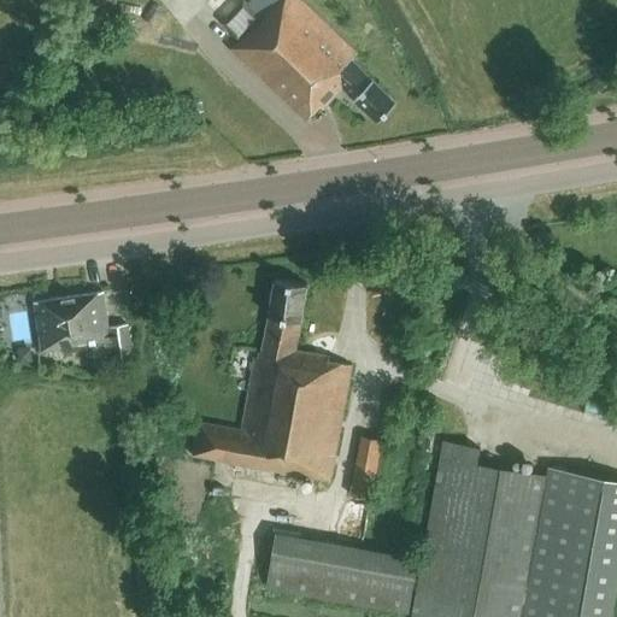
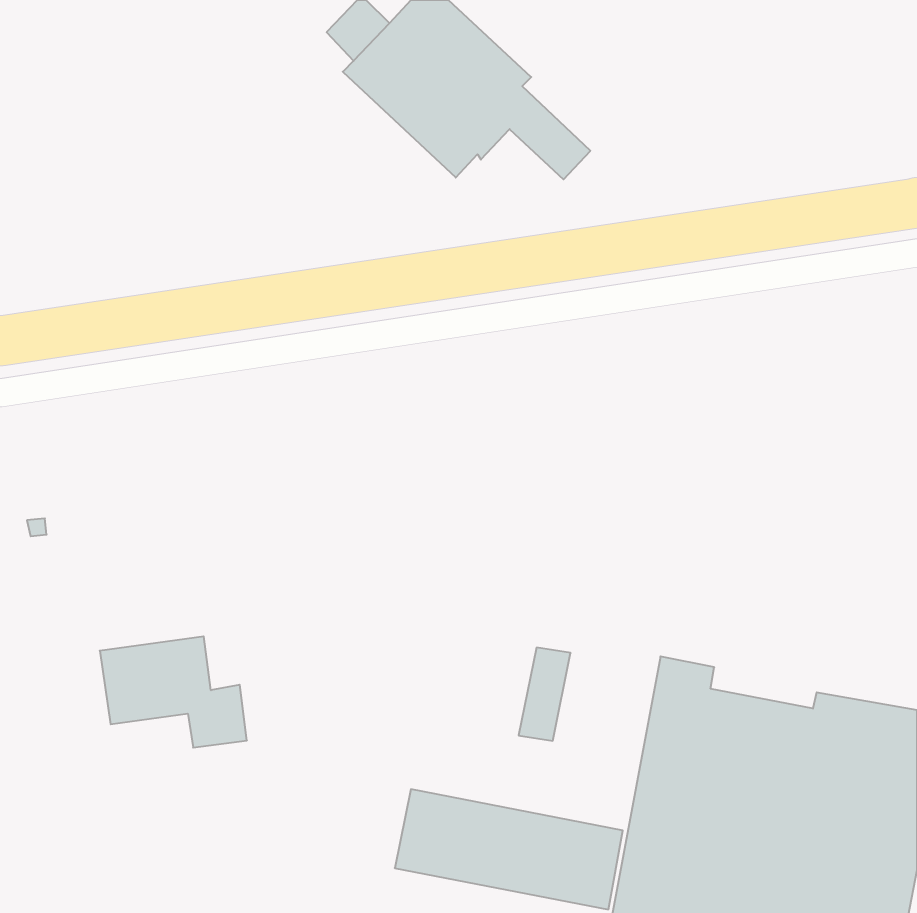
building: [193,280,352,481] -> none
building: [34,293,133,368] -> [100,636,247,748]

